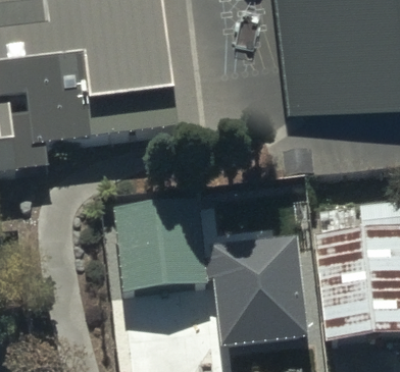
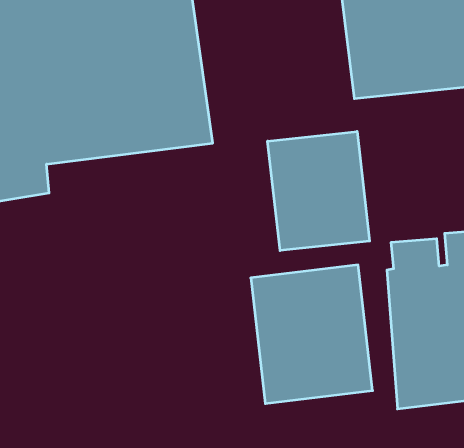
building: none -> [268,131,370,251]
building: [116,197,205,290] -> none

